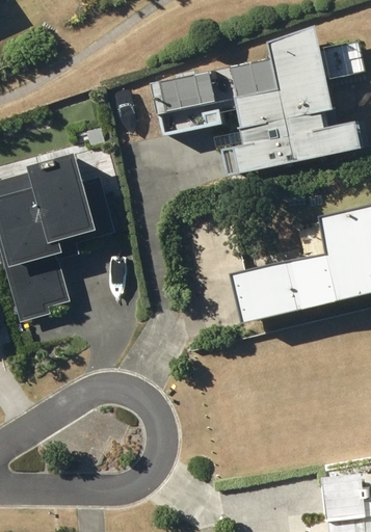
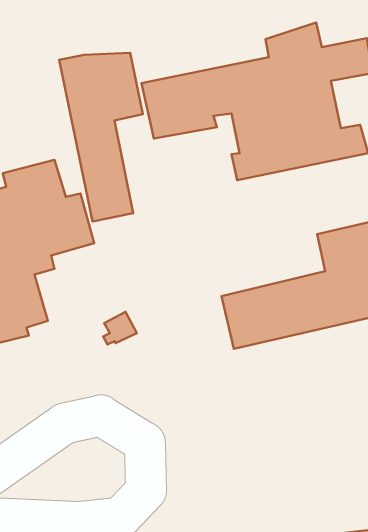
building: none -> [59,53,143,221]

